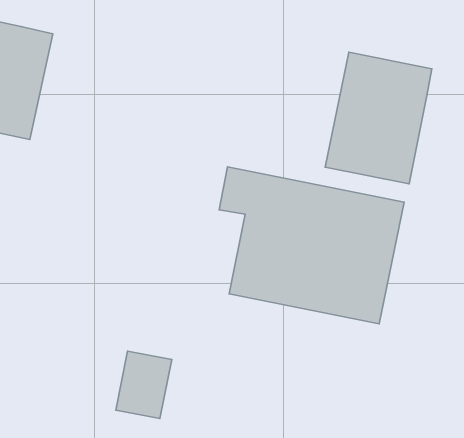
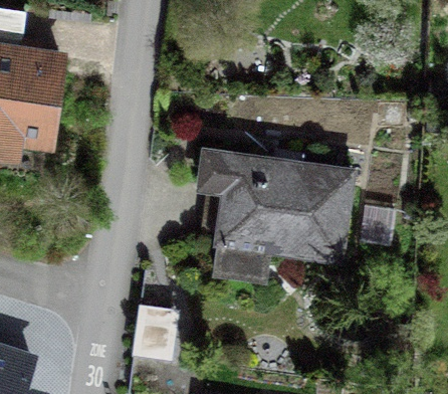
building: [325,52,432,184] -> none

